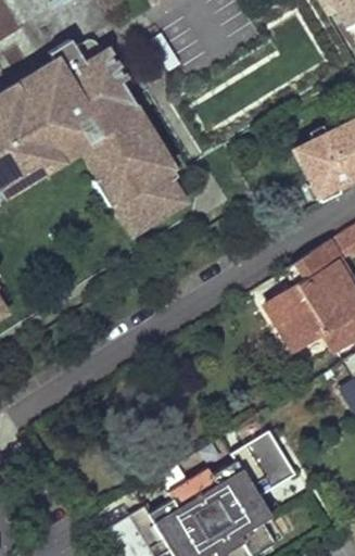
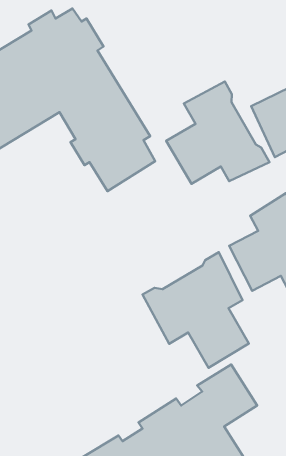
building: none -> [166,81,269,184]
building: none -> [142,252,249,368]

